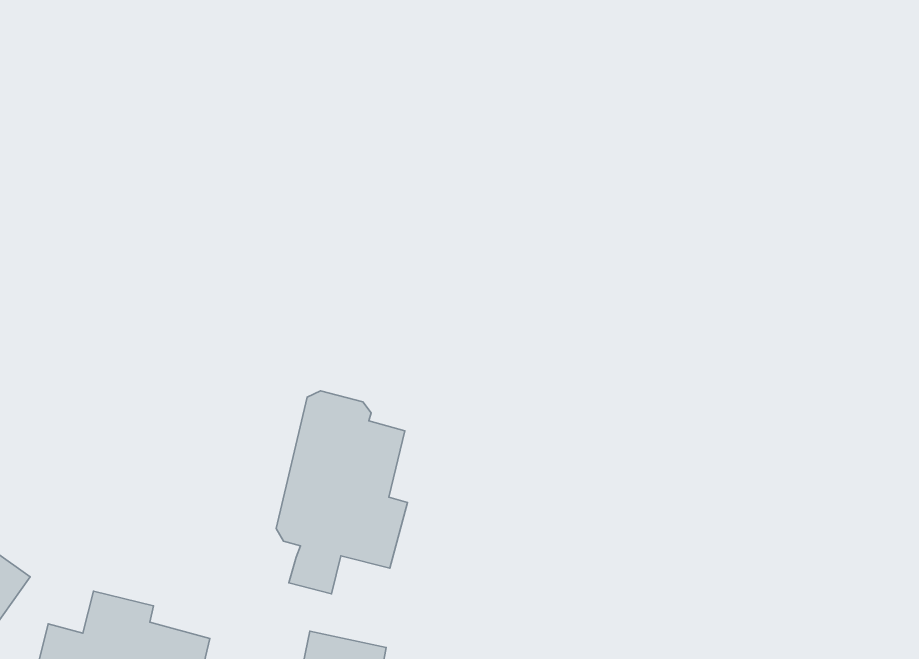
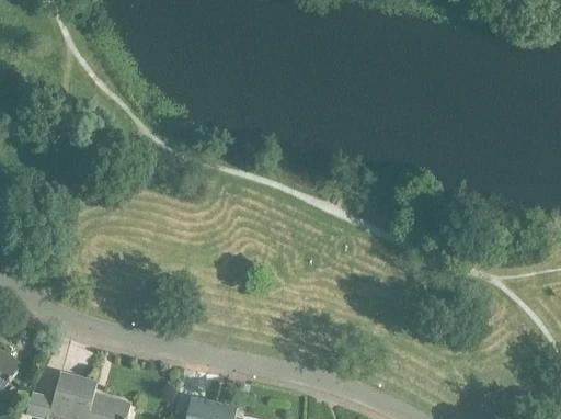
building: [276,391,408,594] -> none

